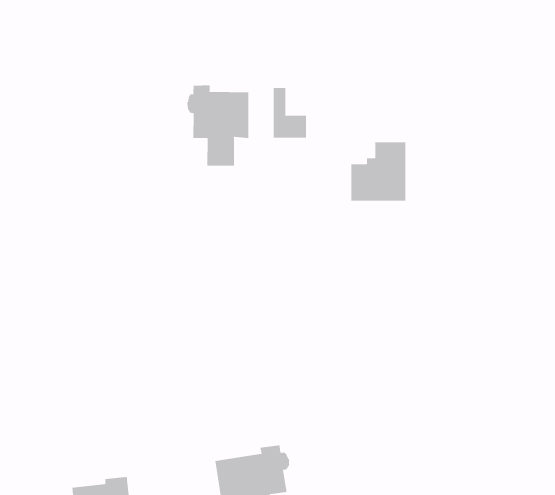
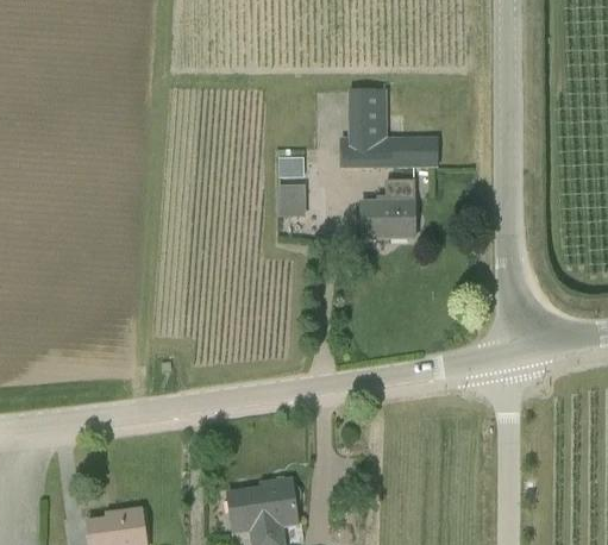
building: none -> [341,89,437,167]
building: [187,84,249,166] -> none

